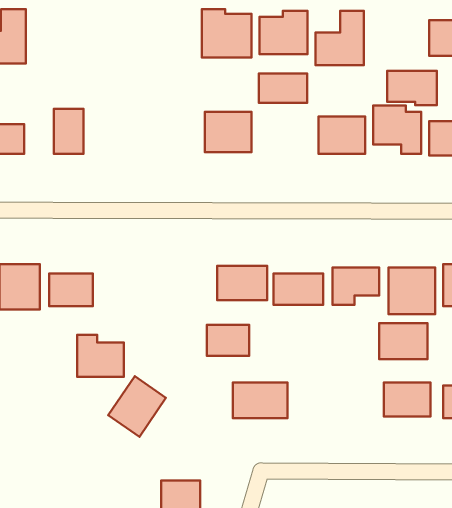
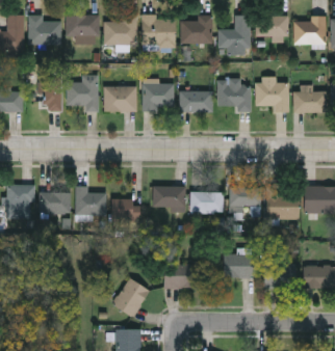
building: none -> [67,15,98,42]
building: none -> [29,16,60,44]
building: none -> [103,16,136,44]
building: [387,71,437,105] -> [255,16,288,38]
building: [259,73,307,103] -> [180,91,212,111]
building: none -> [67,75,98,111]
building: none -> [104,85,137,111]
building: [379,323,427,359] -> [223,253,255,277]
building: [207,325,249,356] -> [110,198,138,219]
building: [77,335,124,377] -> [74,186,105,214]
building: [108,376,166,437] -> [111,277,150,318]

